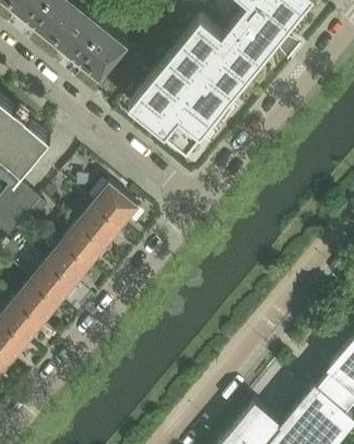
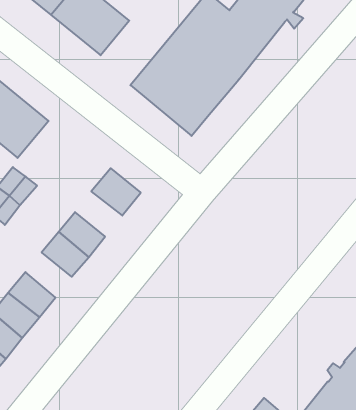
building: [74,208,119,251] -> none
building: [27,266,71,309] -> none

